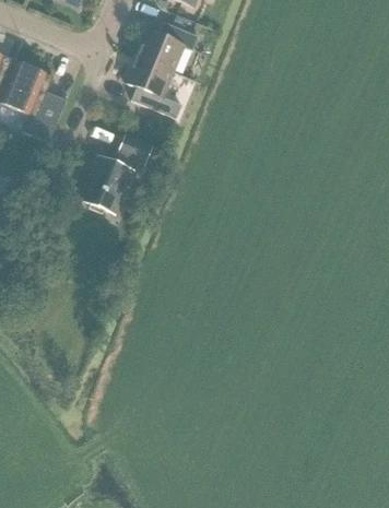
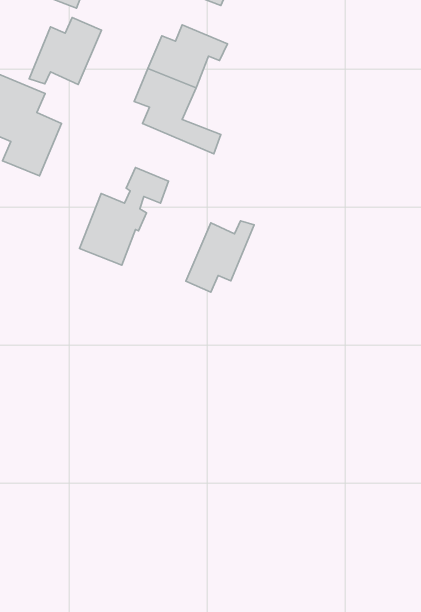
building: none -> [29,18,102,84]
building: none -> [186,221,254,292]

